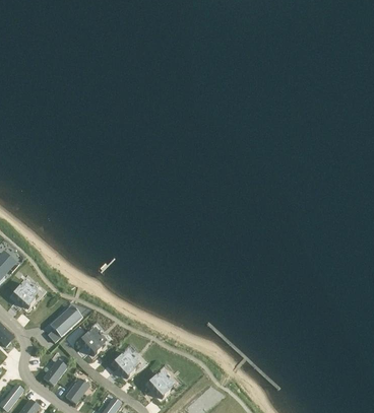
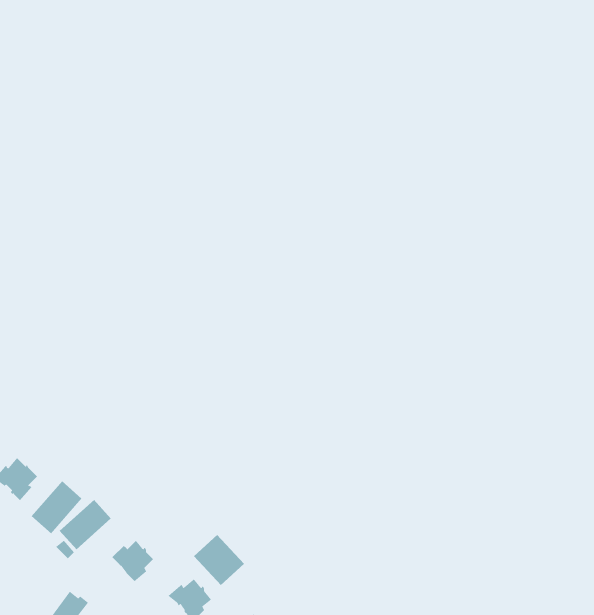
building: none -> [31,481,82,534]
building: none -> [193,534,245,586]

